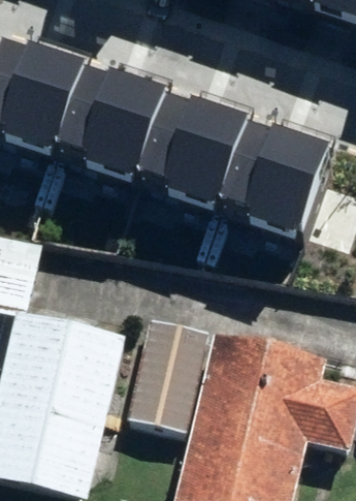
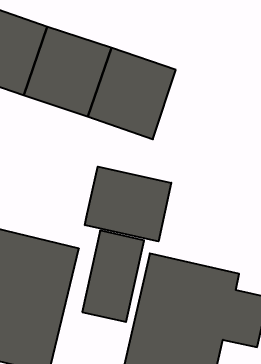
building: [217,112,330,228] -> none
building: none -> [85,167,171,241]

